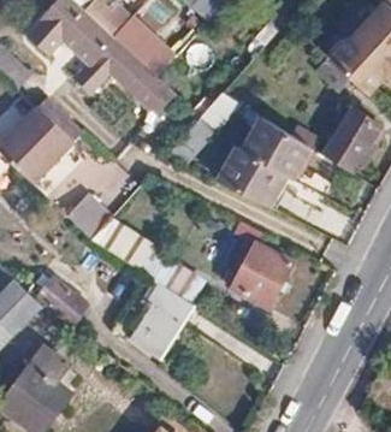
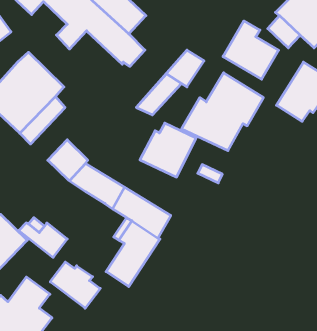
building: none -> [223,21,279,79]
building: [226,244,289,304] -> [140,123,196,177]
building: none -> [50,262,100,308]

